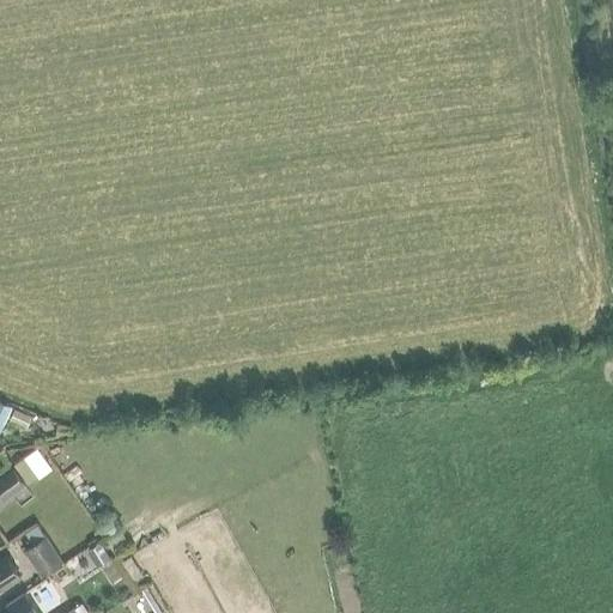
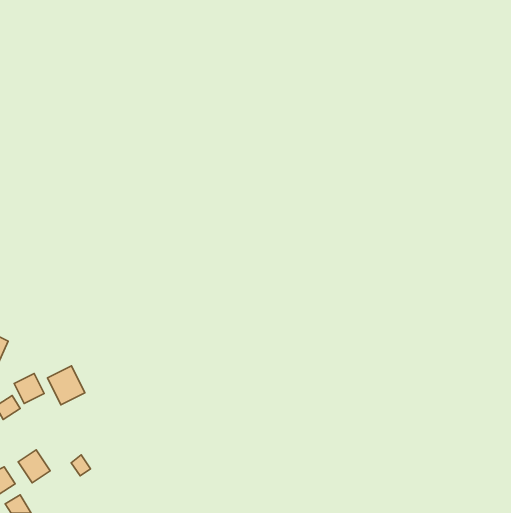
building: none -> [47,366,85,405]

